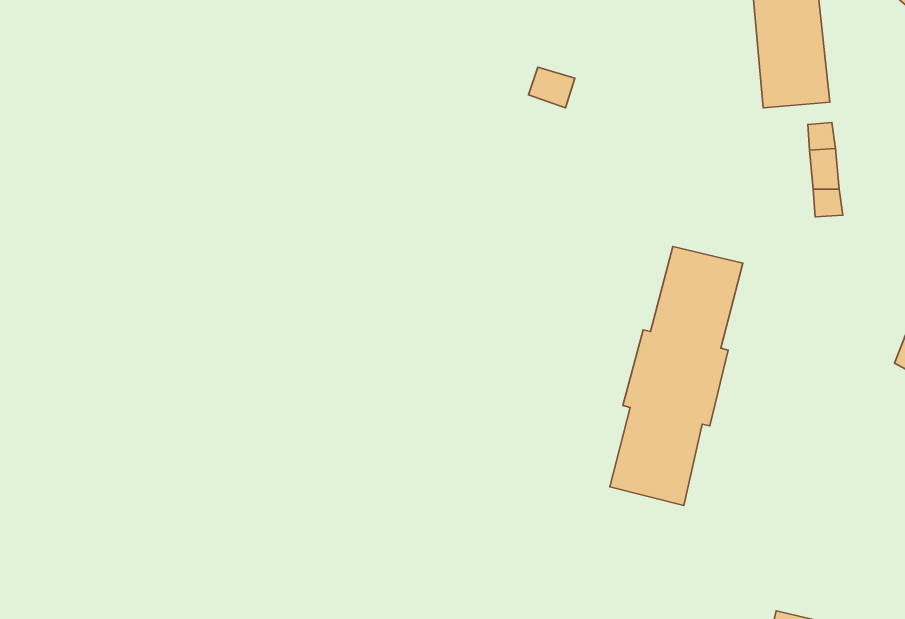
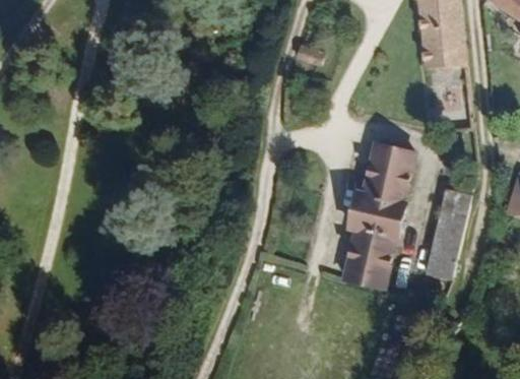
building: none -> [421,181,472,279]

